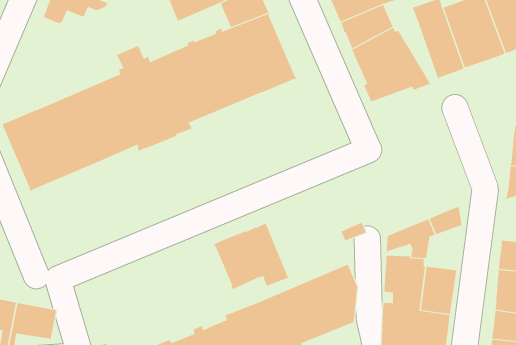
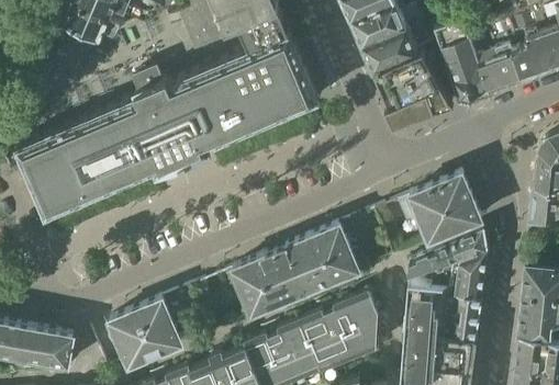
building: none -> [398,173,481,241]
building: none -> [286,225,358,304]
building: none -> [447,250,485,296]
building: none -> [109,298,181,366]

